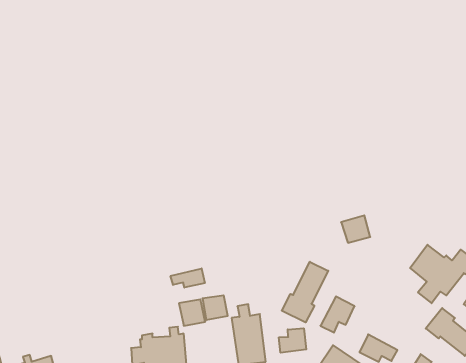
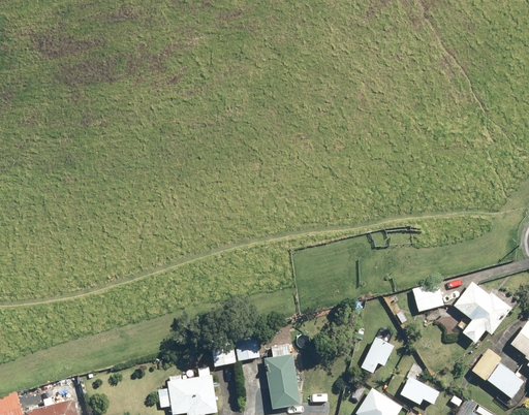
building: [341,215,370,243] -> [412,282,443,311]
building: [282,262,328,322] -> none
building: [171,268,205,288] -> none
building: [279,328,306,353] -> none

